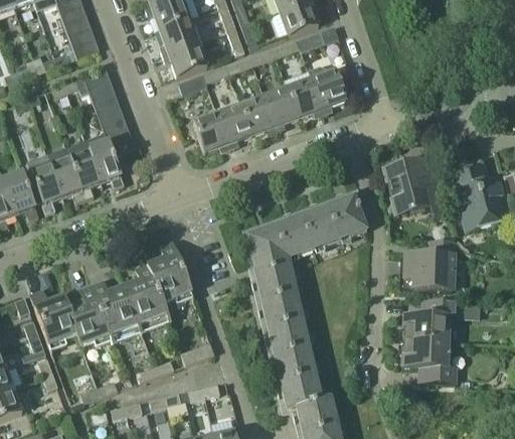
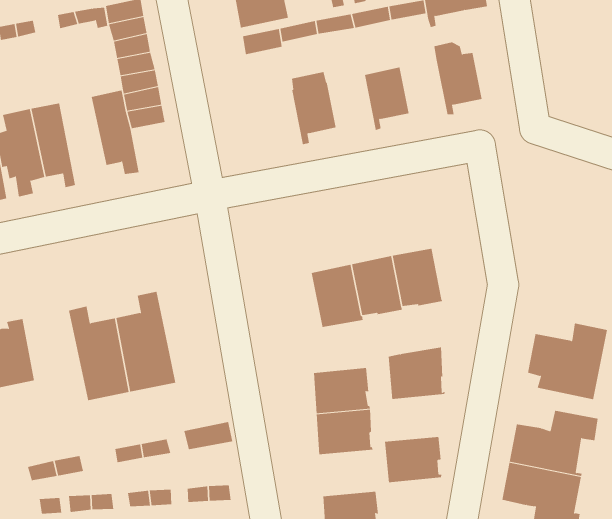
building: [287,79,323,117] -> none
building: [239,96,277,134] -> none
building: [192,113,229,152] -> none
building: [63,139,101,199] -> none
building: [382,157,445,216] -> none
building: [327,194,366,238] -> none
building: [148,241,191,302] -> none
building: [253,260,296,300] -> [388,347,446,399]
building: [61,284,110,345] -> none
building: [273,345,315,382] -> [384,436,442,483]

